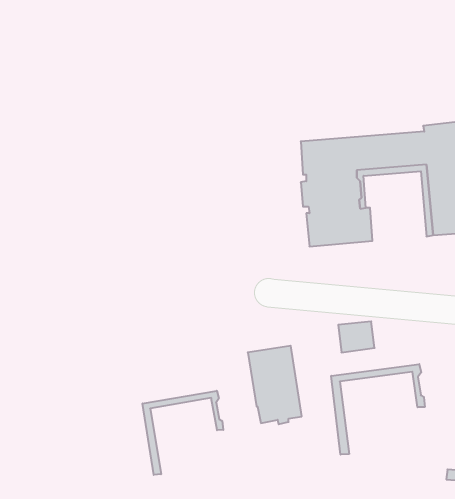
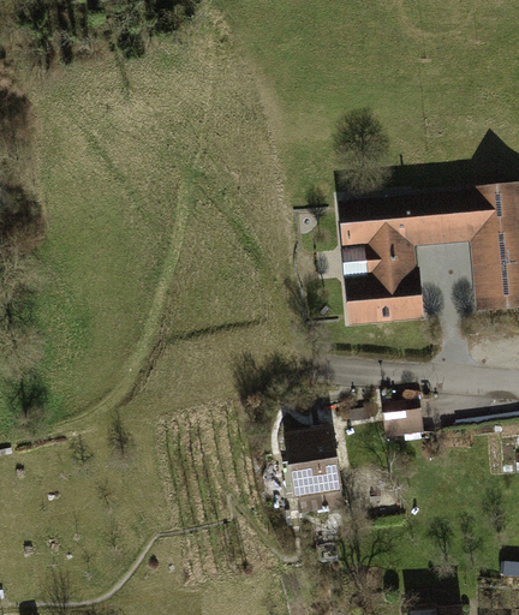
building: [331,364,425,455] -> none
building: [143,391,223,475] -> none

